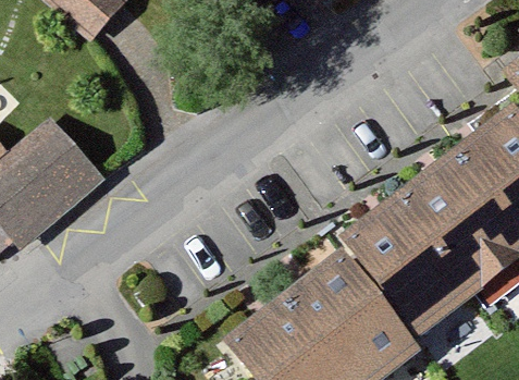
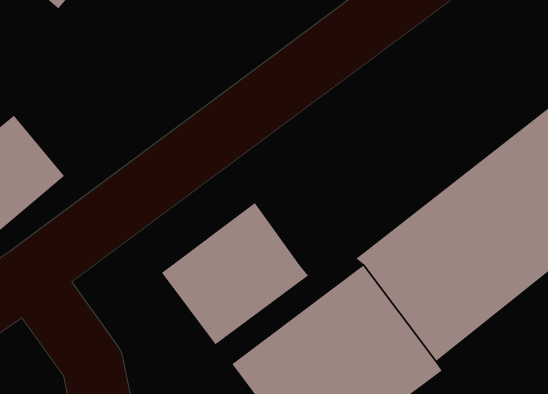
building: none -> [161,202,309,345]

